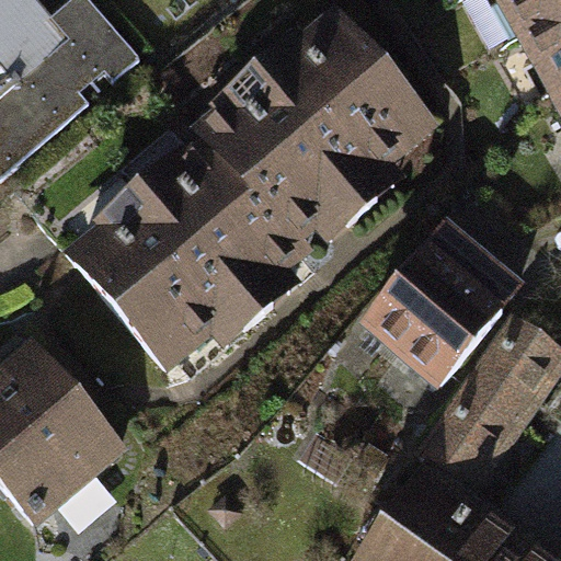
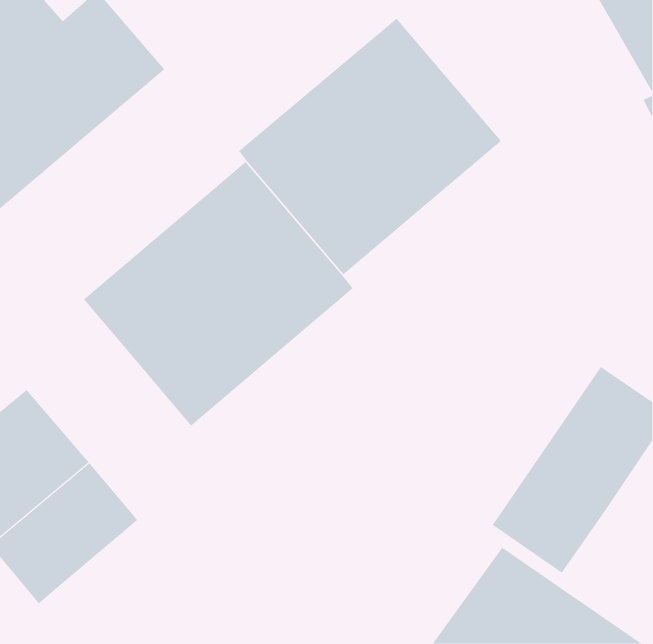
building: [365,224,528,392] -> none

